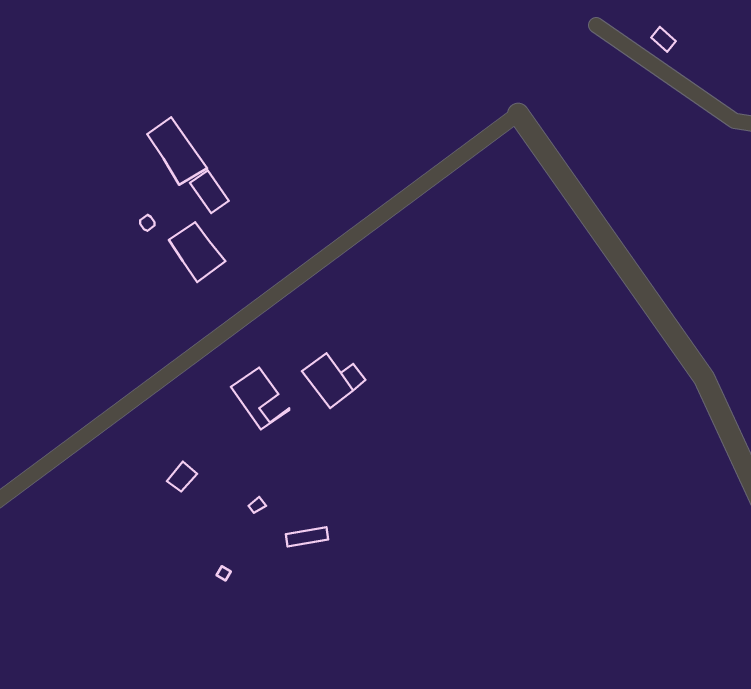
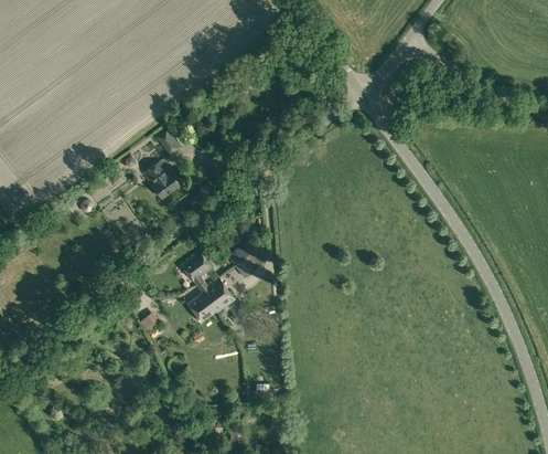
building: [147,117,207,185] -> none
building: none -> [187,277,235,320]

